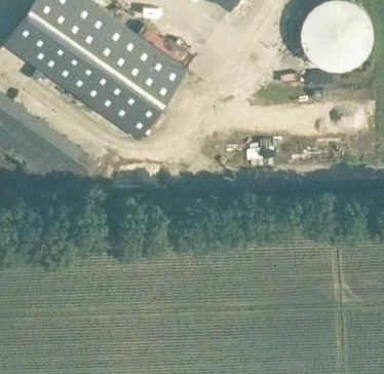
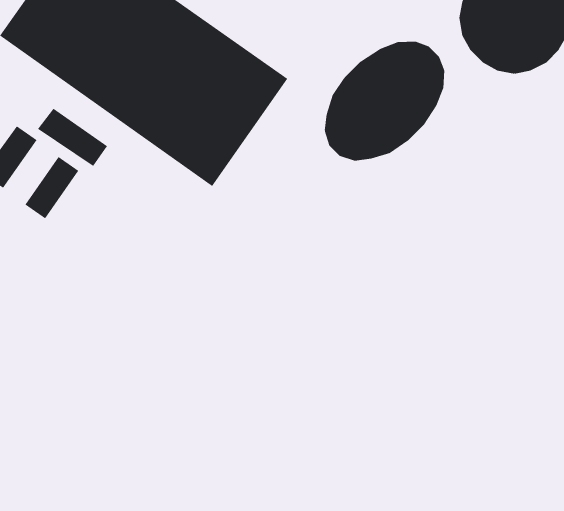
building: none -> [324,41,445,161]
building: none -> [37,108,108,167]

